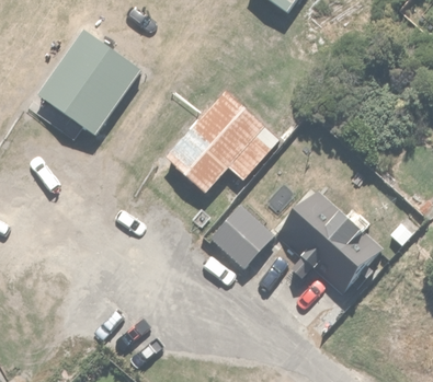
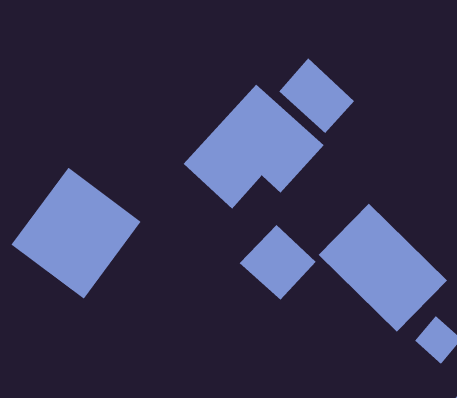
building: [38,28,146,137] -> [10,167,142,299]
building: none -> [279,57,355,134]

